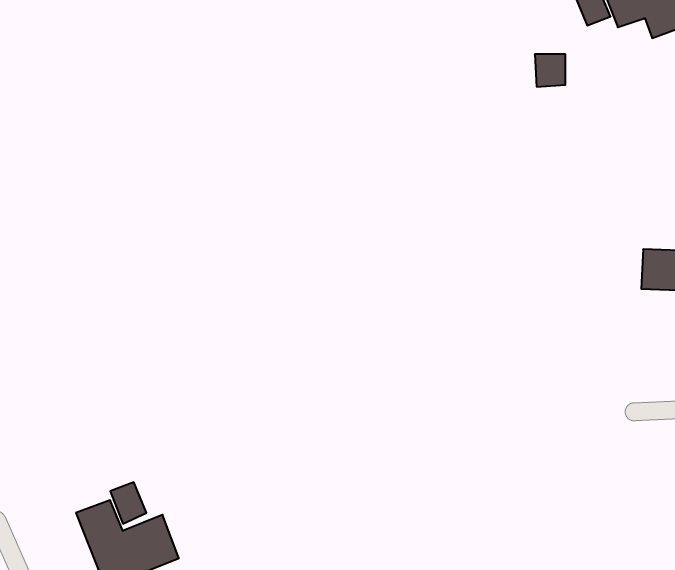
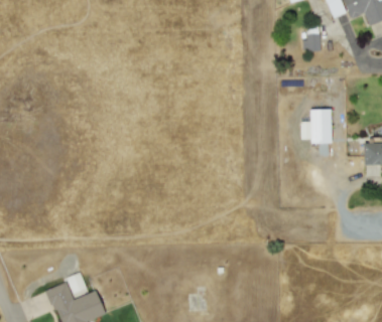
building: none -> [300,109,332,143]

